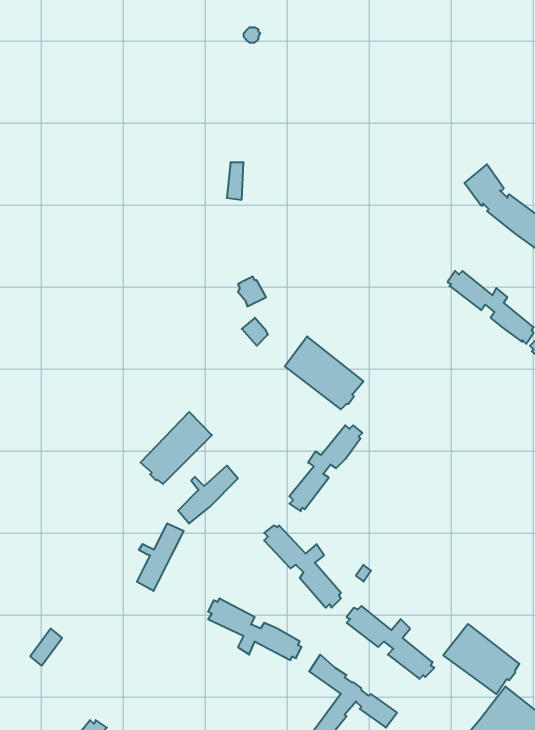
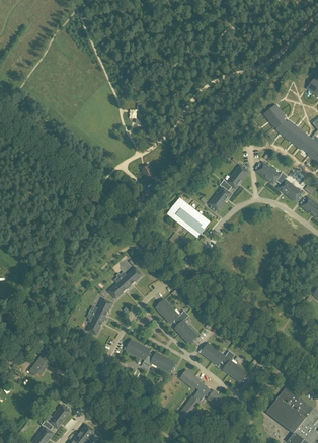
building: [141,412,212,484] -> none
building: [289,425,362,511] -> [210,165,249,211]
building: [443,624,519,694] -> none

